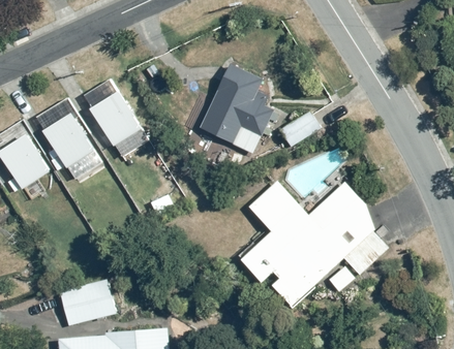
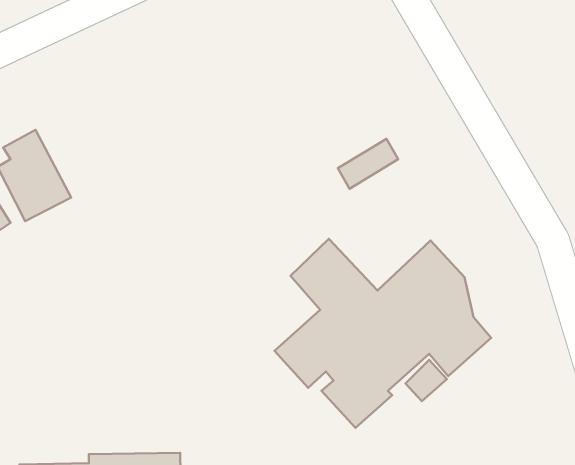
building: [200,61,281,152] -> none
building: [88,88,145,148] -> none
building: [57,278,118,326] -> none

